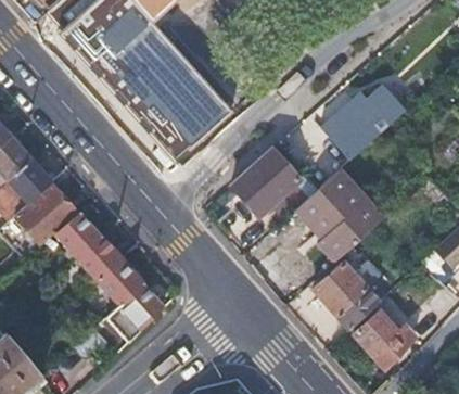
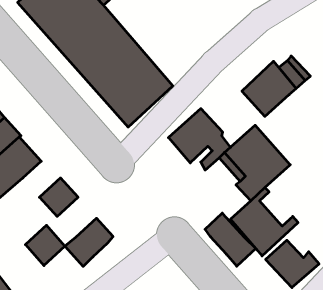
building: [52,209,99,256] -> none
building: [94,256,143,306] -> [25,225,65,266]
building: none -> [205,213,256,266]

